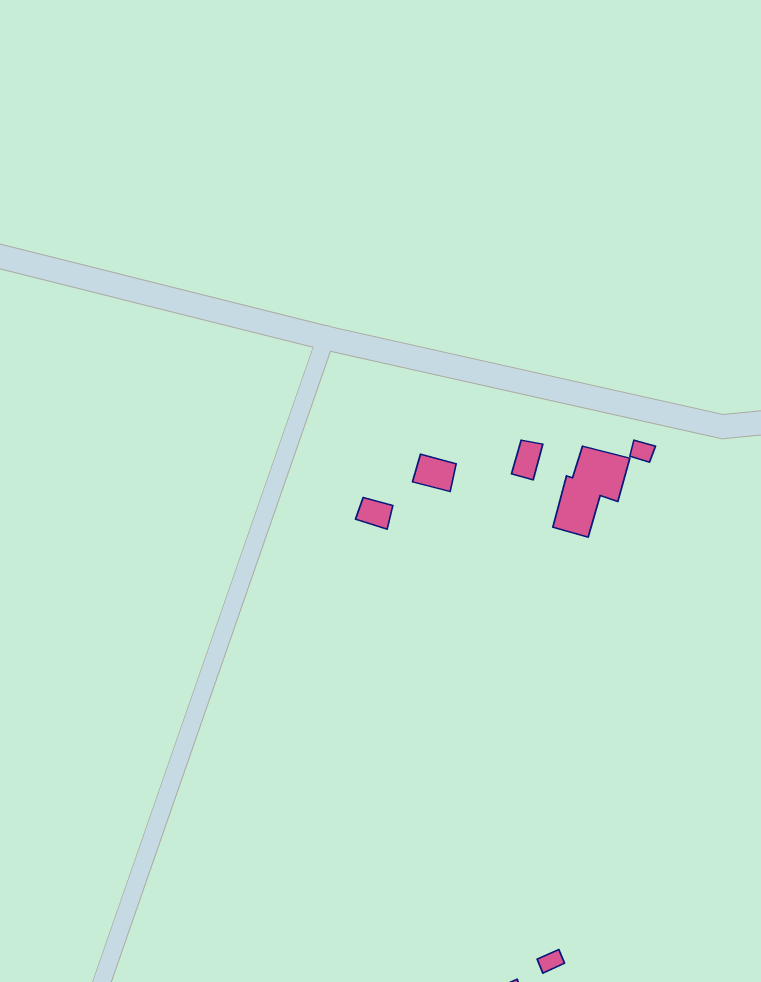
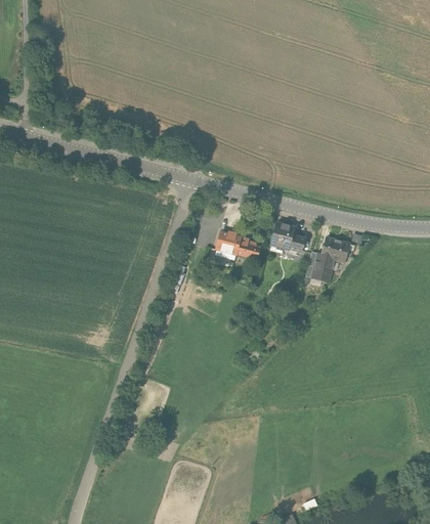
building: none -> [270,225,295,250]
building: none -> [214,231,243,256]

